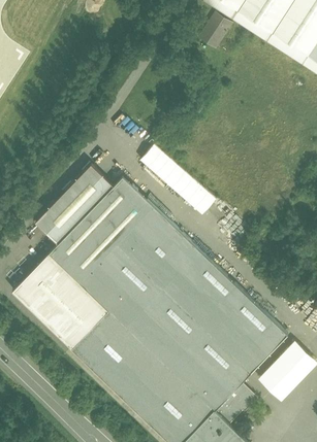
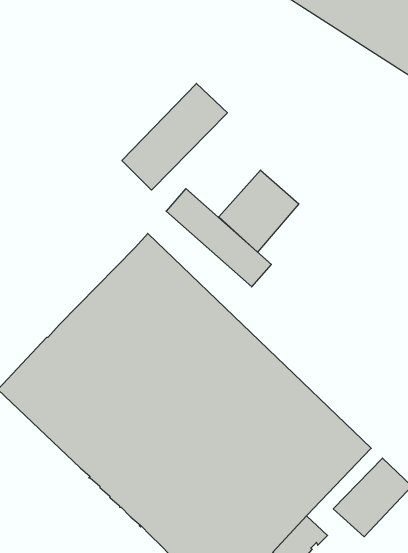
building: [207,13,232,49] -> none
building: none -> [219,170,299,252]
building: [36,165,114,243] -> [122,83,227,190]

